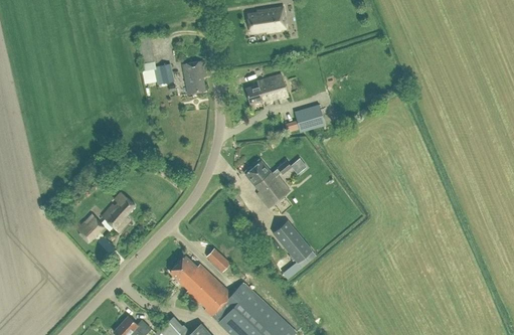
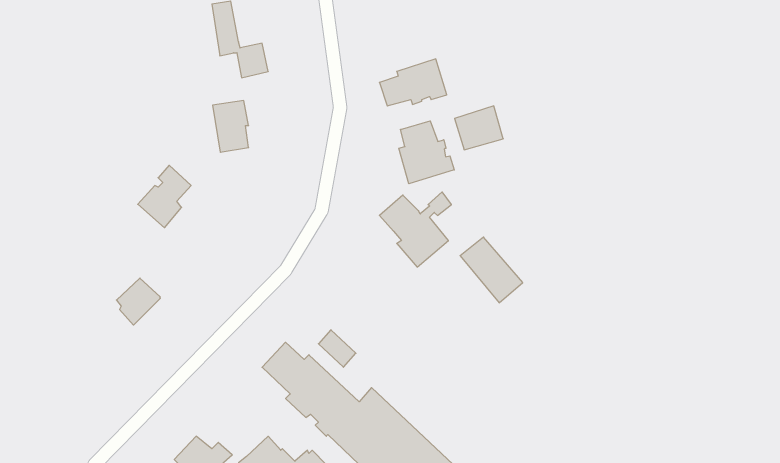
building: [182,60,205,94] -> [213,101,249,152]
building: none -> [399,121,454,184]
building: [102,191,136,231] -> [138,165,191,228]
building: [274,219,314,262] -> [460,237,523,303]

